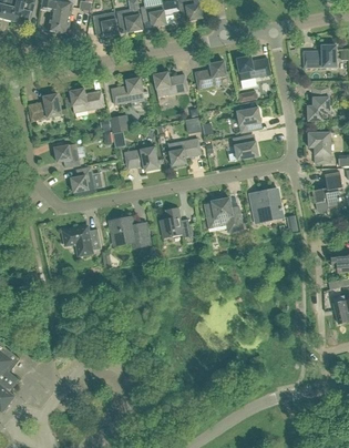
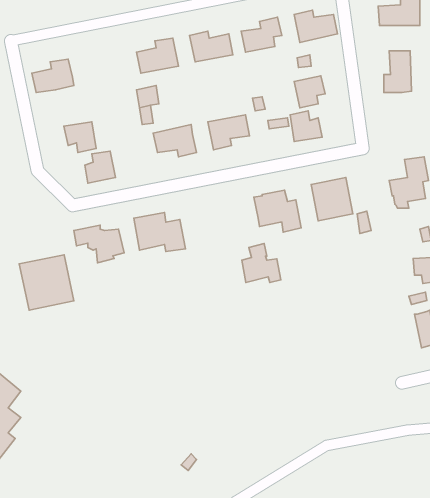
building: [69,88,103,112] -> none
building: [307,131,330,162] -> none
building: [160,206,191,237] -> [242,243,281,283]
building: none -> [19,255,74,310]

